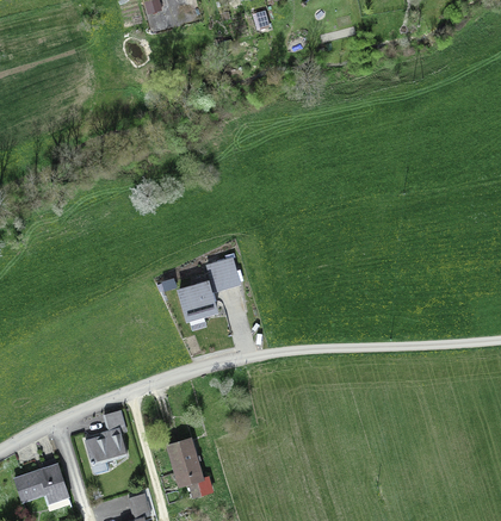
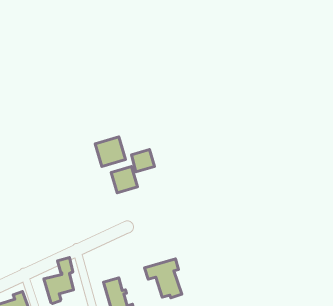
building: none -> [95,137,126,167]
building: none -> [145,259,182,298]

